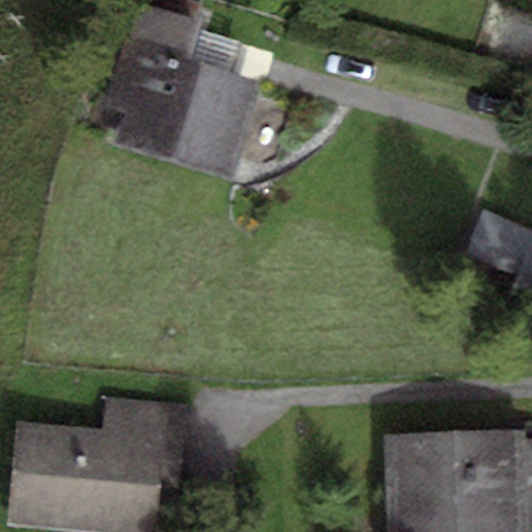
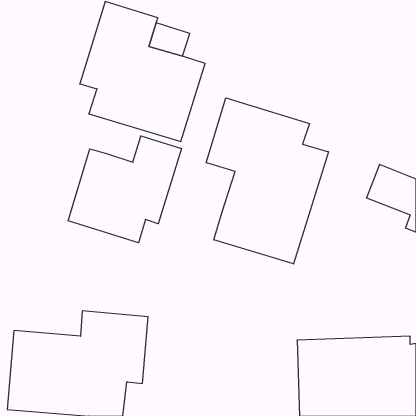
building: none -> [206,98,329,264]
building: none -> [68,136,181,243]

